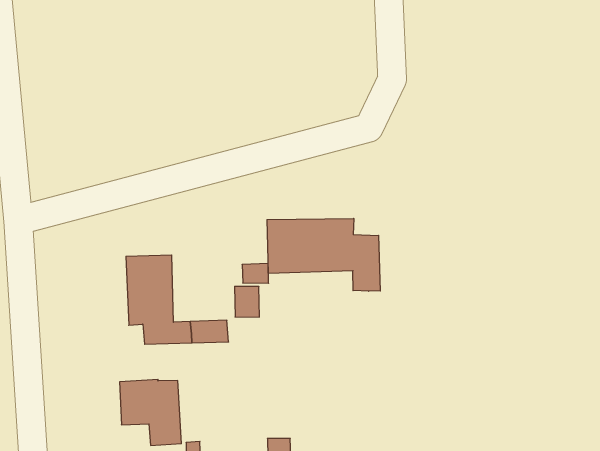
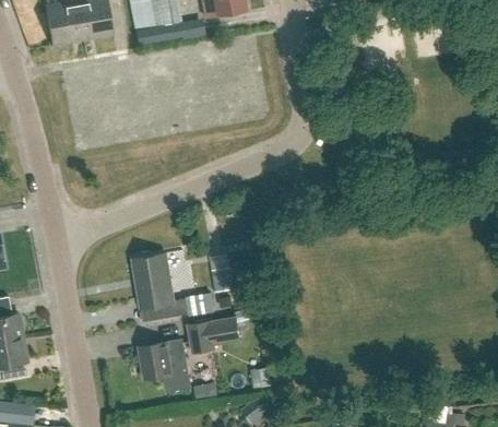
building: [267,218,380,291] -> none
building: none -> [190,319,242,355]

